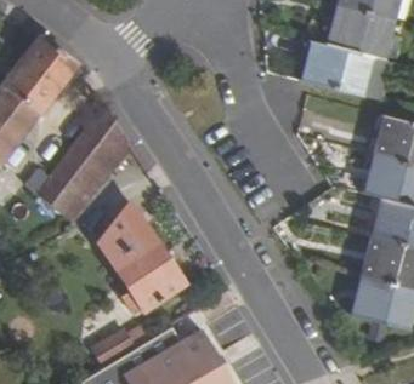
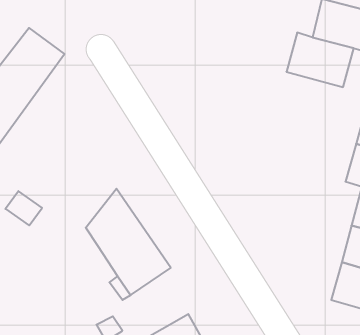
building: [38,105,131,222] -> none

